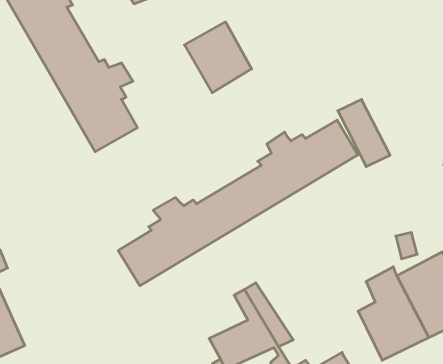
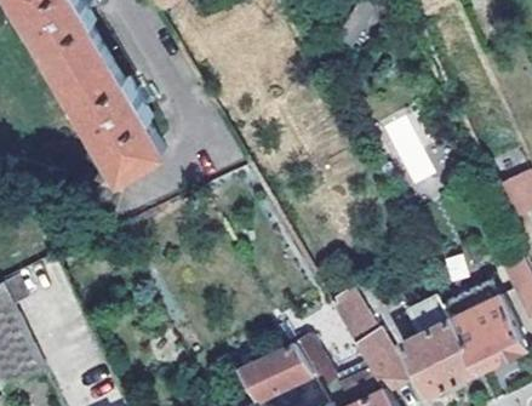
building: [184,22,252,93] -> none
building: [118,120,358,286] -> none
building: none -> [328,293,401,393]

